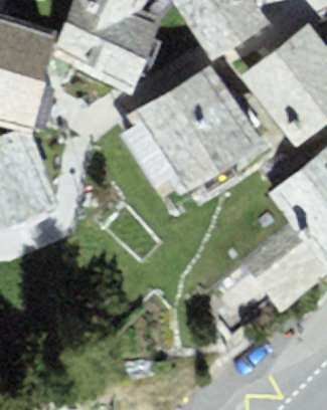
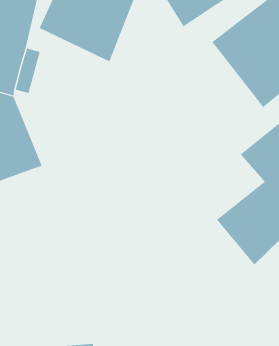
building: [139,64,264,190] -> none

